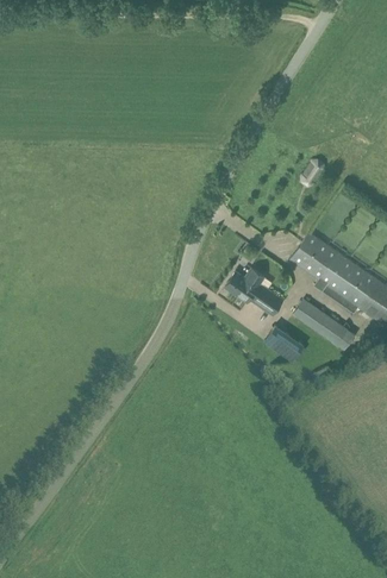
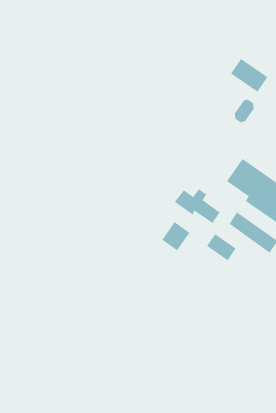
building: none -> [230,58,268,93]
building: none -> [161,221,190,251]

